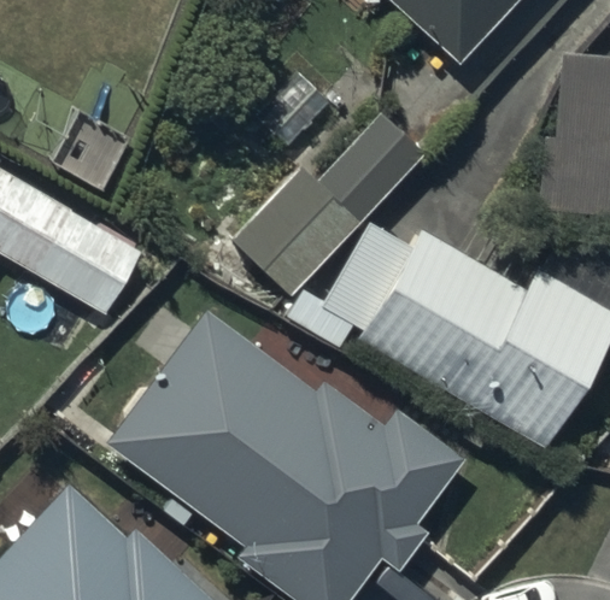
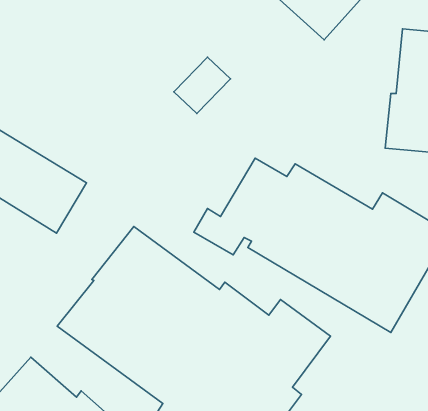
building: [231,114,426,298] -> none

